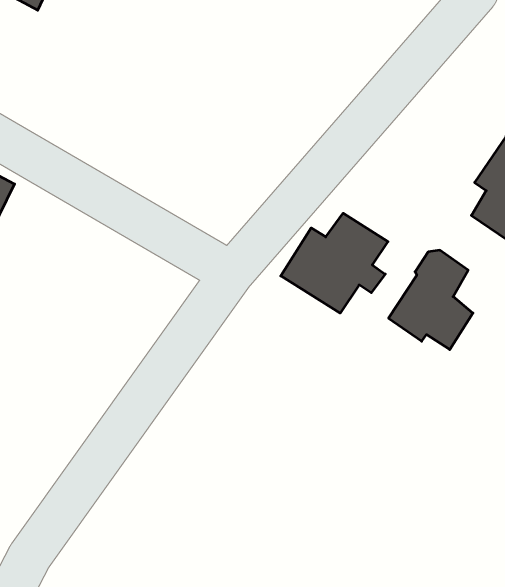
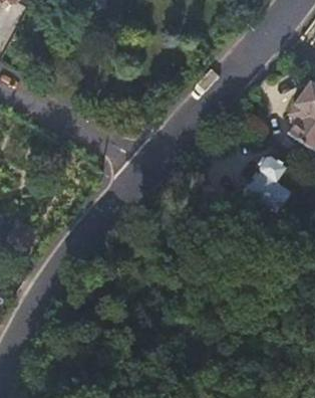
building: [281,213,388,313] -> none

